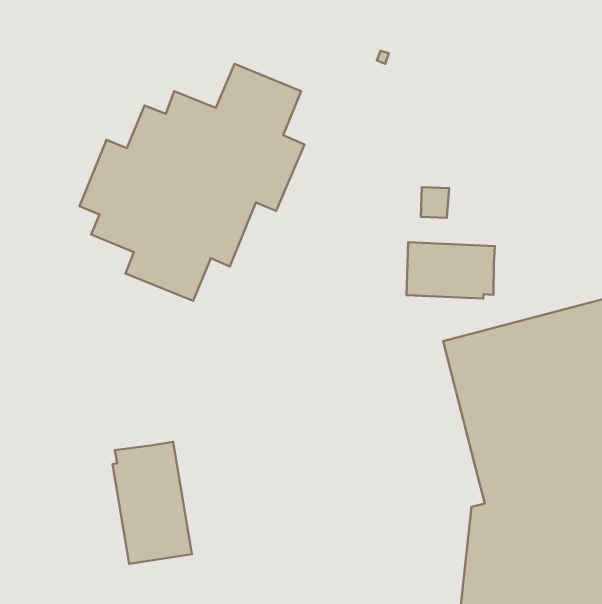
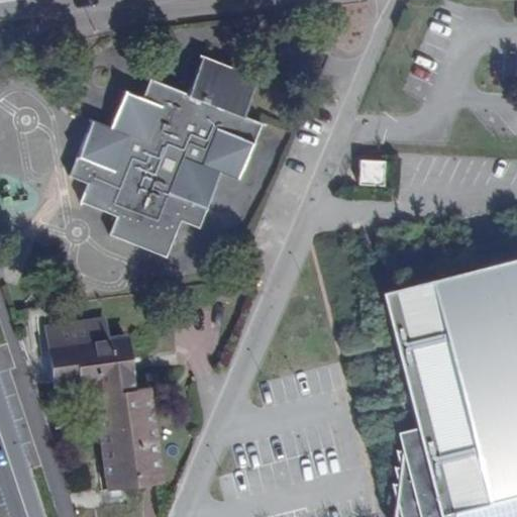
building: [407,242,495,298] -> none
building: none -> [48,319,133,388]

